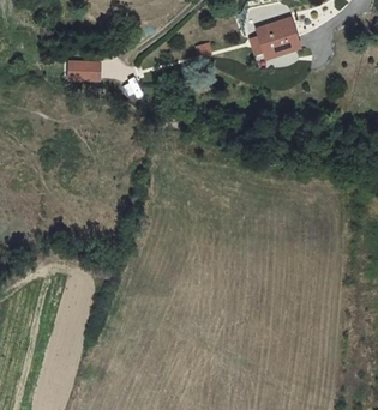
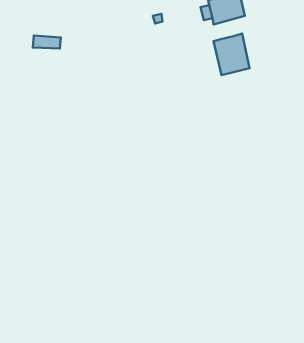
building: none -> [213,34,249,75]

